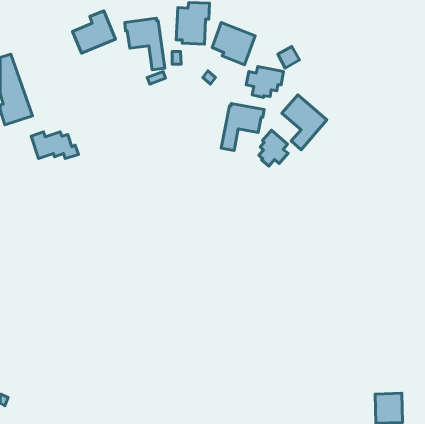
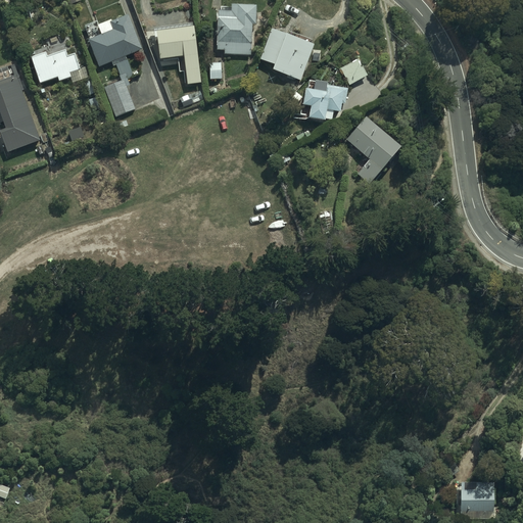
building: none -> [104,79,136,115]
building: [221,104,264,151] -> none
building: [259,130,288,166] -> none
building: [31,132,78,159] -> [30,50,88,83]

